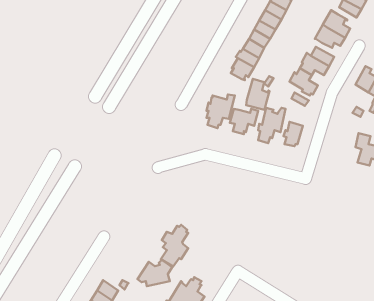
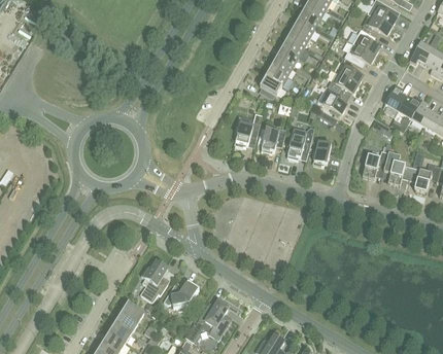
building: [246,79,270,110] -> none
building: none -> [362,149,387,179]
building: [161,225,188,266] -> [139,259,167,302]

